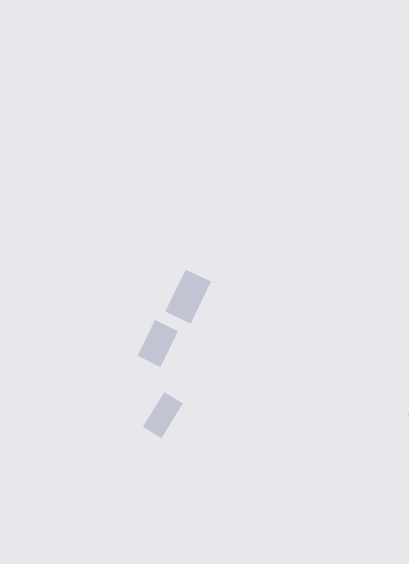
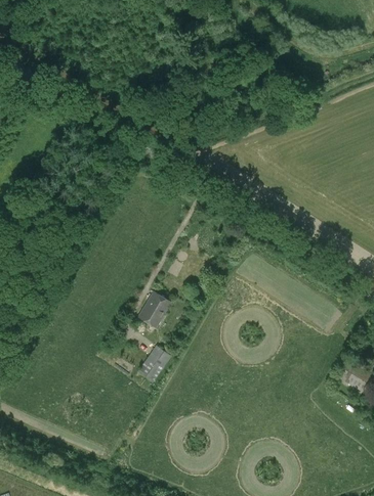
building: [165,269,212,324] -> none

